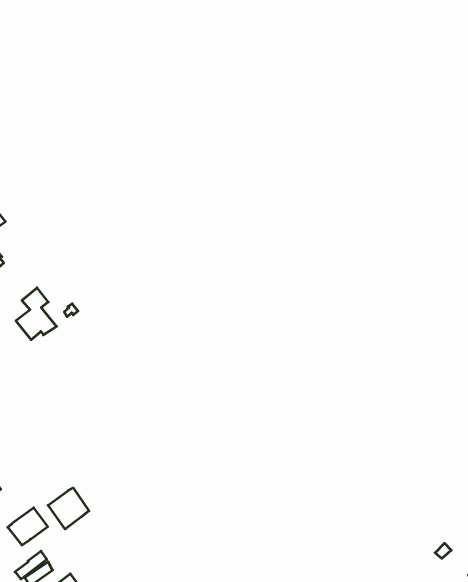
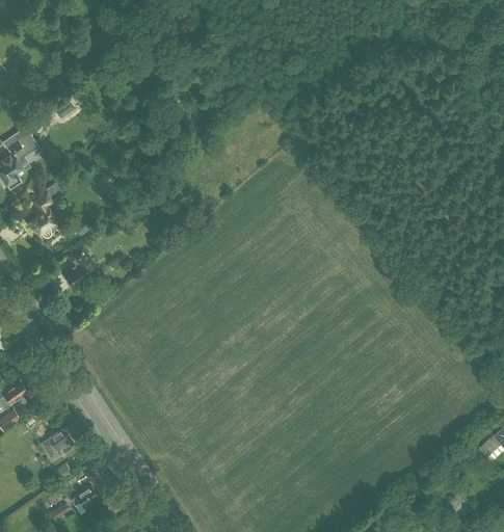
building: [48,488,89,529] -> none

